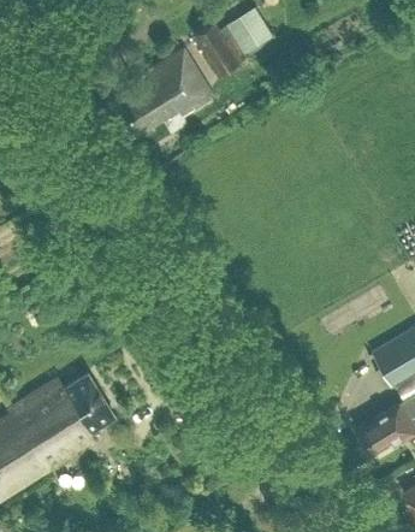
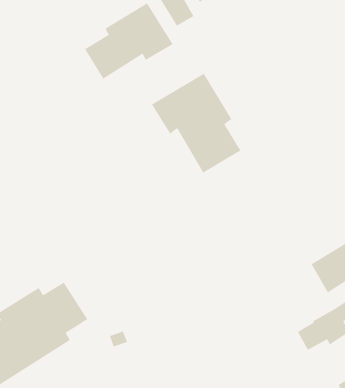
building: none -> [151,73,241,174]

